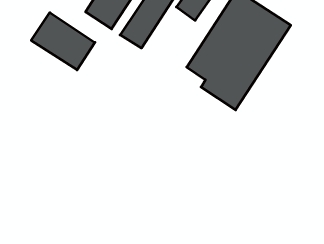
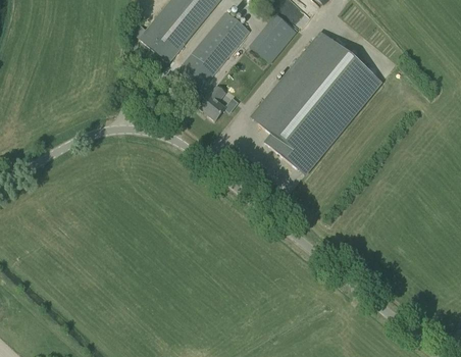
building: [31,13,95,70] -> none
building: none -> [199,87,225,120]

